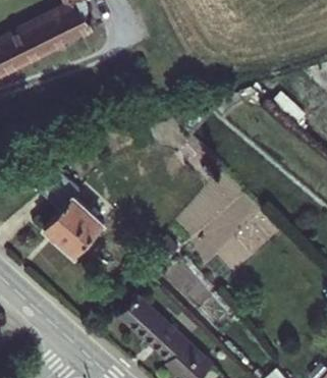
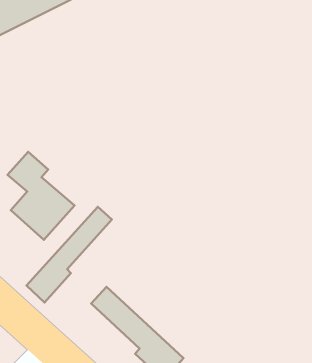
building: none -> [27,207,112,302]

